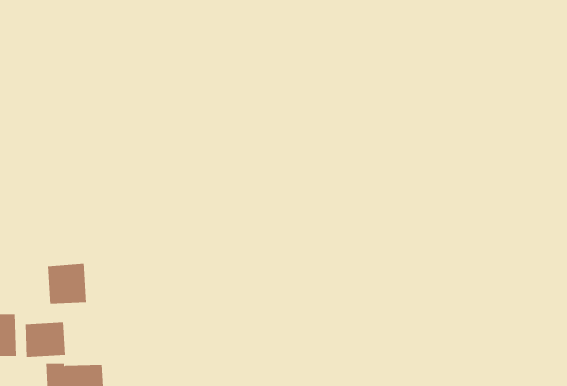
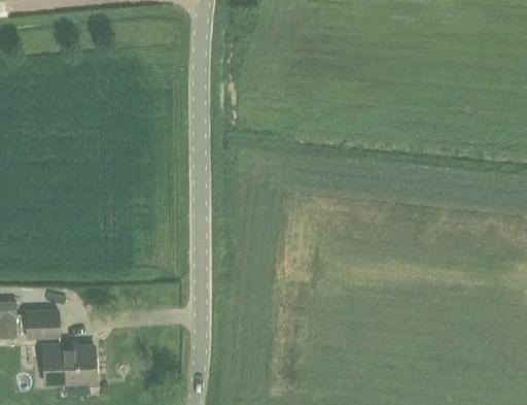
building: [48,263,86,305] -> none

